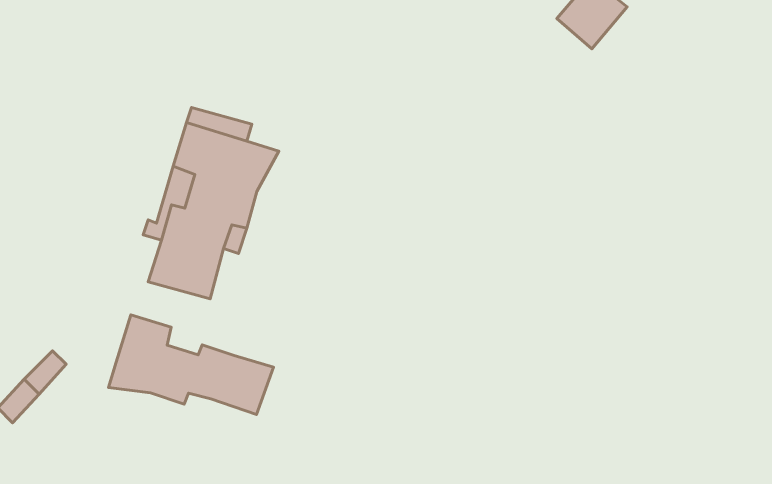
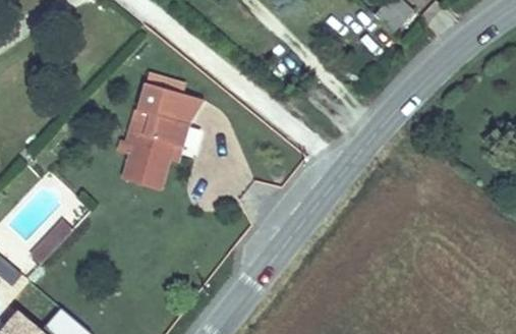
building: [109,315,273,415] -> none

